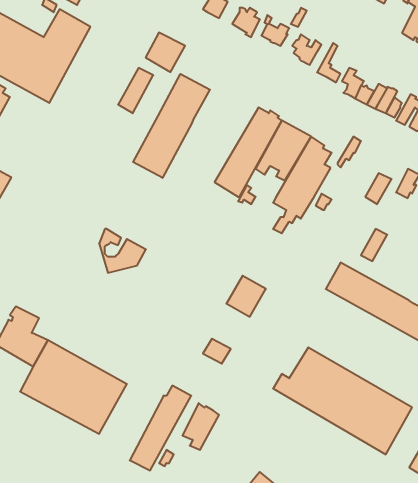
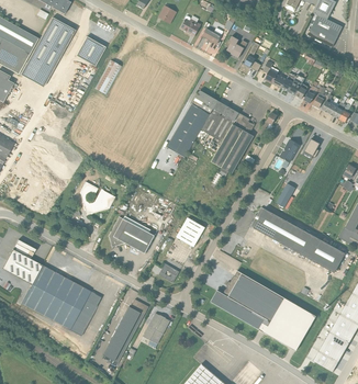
building: [146,33,185,72] -> [76,36,105,66]
building: [133,74,210,178] -> none
building: none -> [110,216,155,253]

